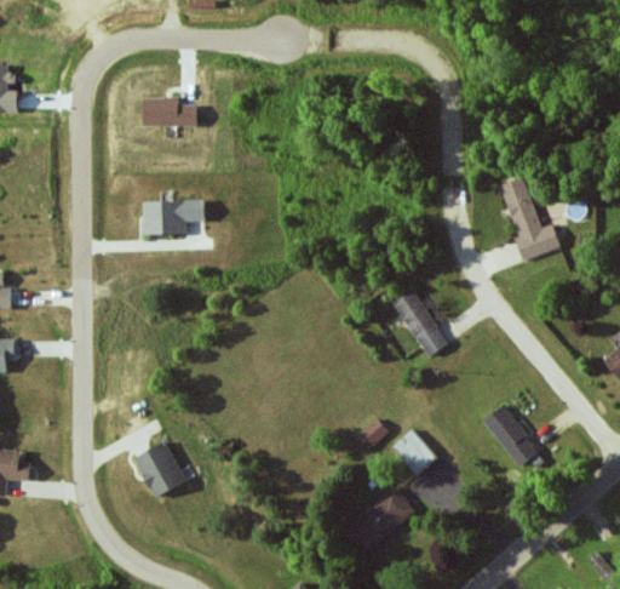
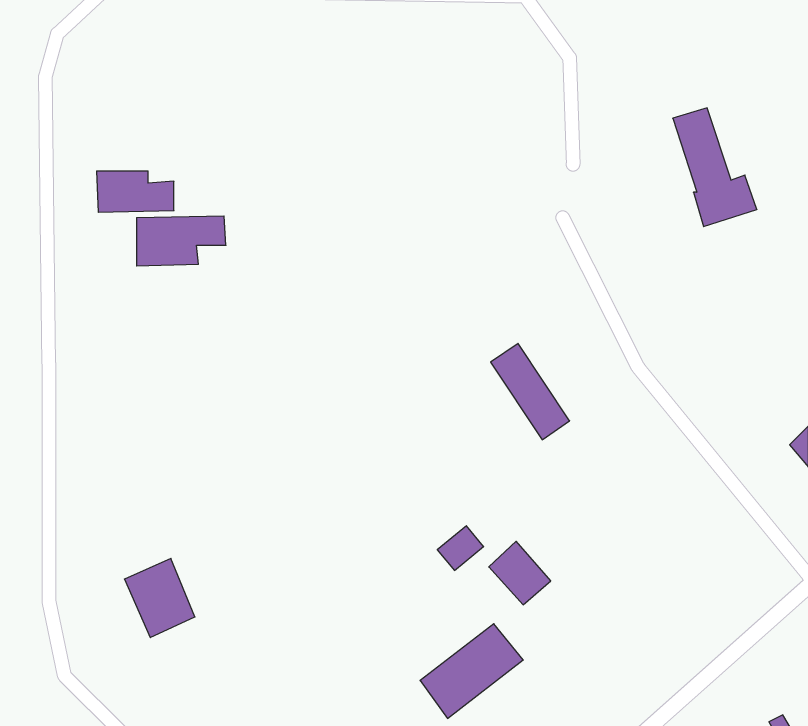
building: [142,97,196,126] -> [97,171,174,212]
building: [500,177,559,261] -> [673,108,757,227]
building: [482,406,538,468] -> none

